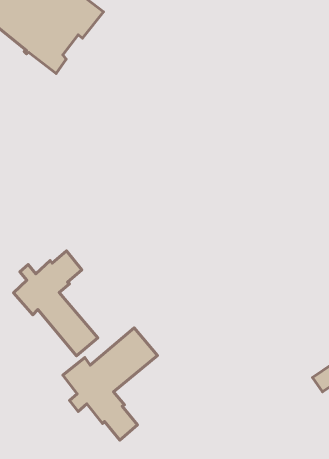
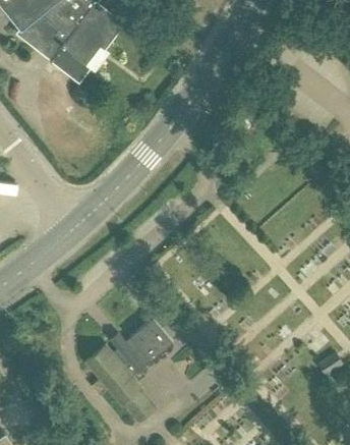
building: [13,251,98,356] -> none

